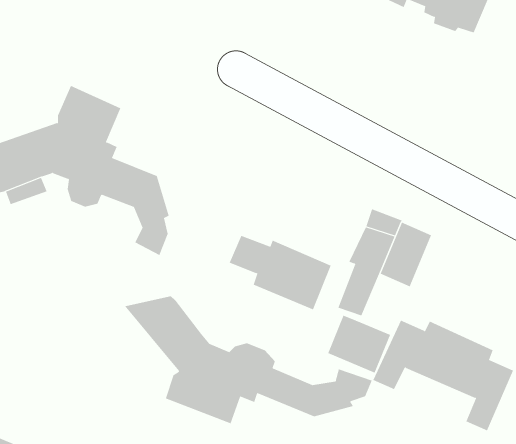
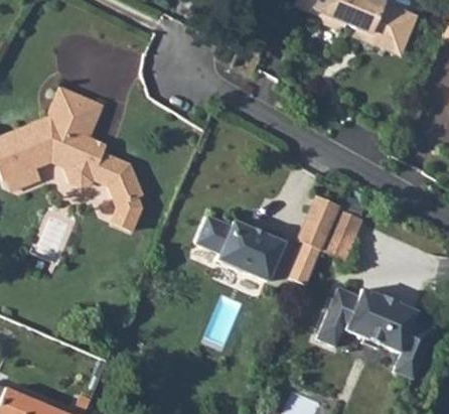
building: [124,296,373,424] -> none
building: [328,315,391,374] -> none

